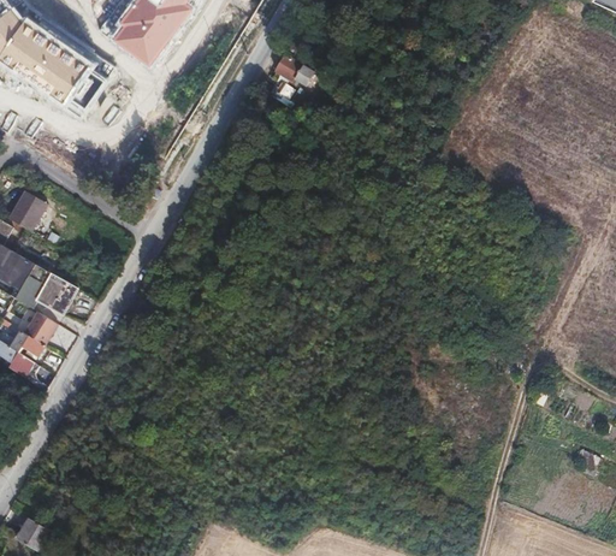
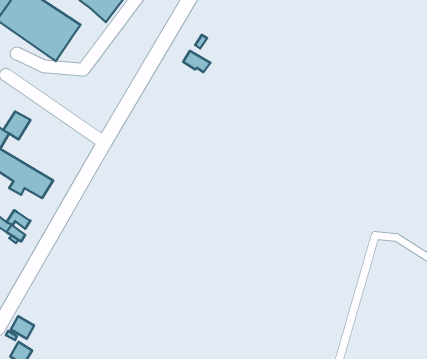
building: [276,54,314,84] -> [183,51,210,72]
building: [25,313,57,345] -> none
building: none -> [11,316,34,339]

